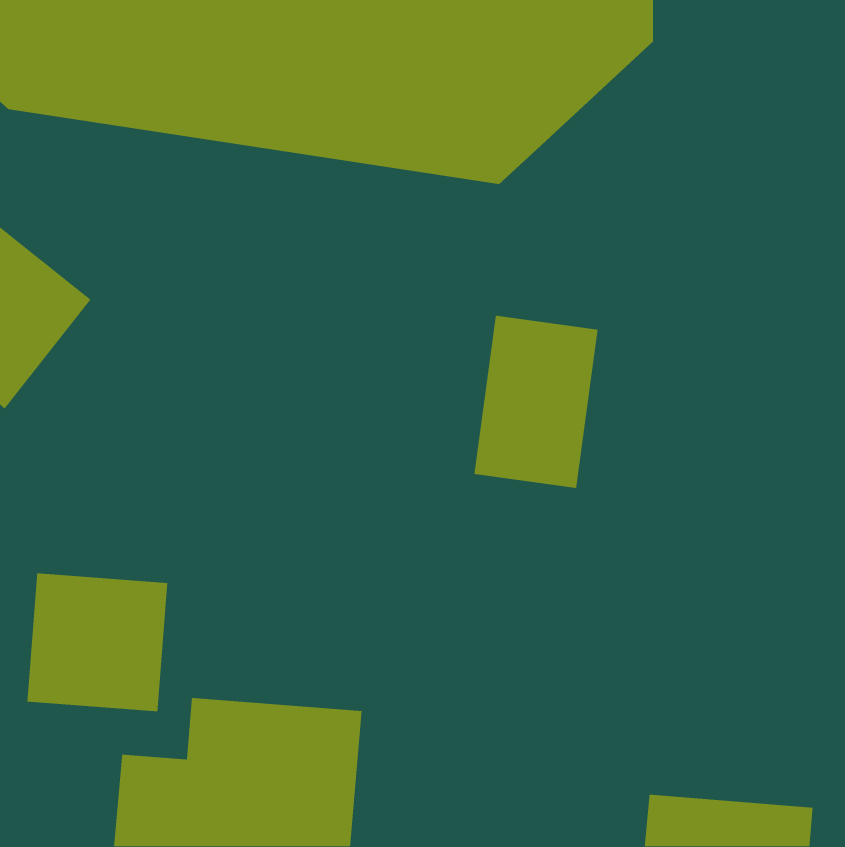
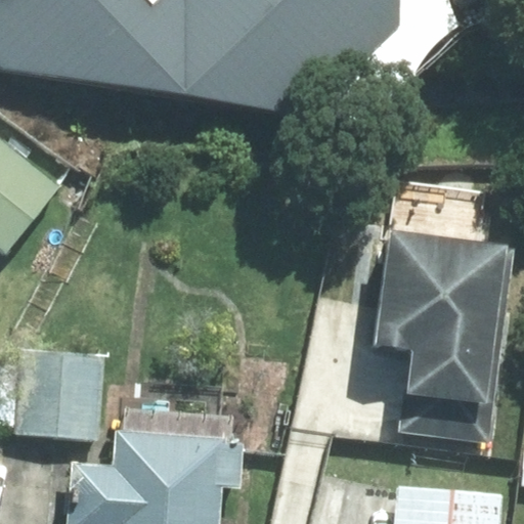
building: [474,315,599,489] -> none
building: none -> [381,232,508,397]

